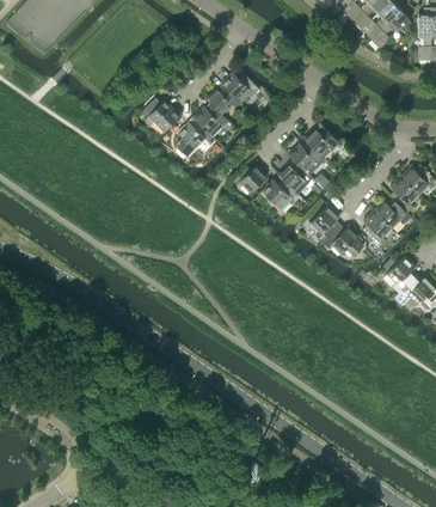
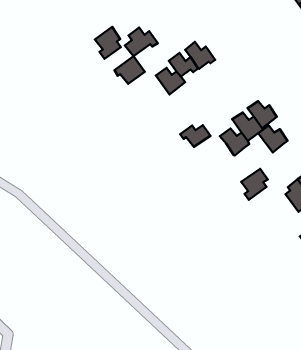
building: none -> [95,27,121,59]
building: [176,123,213,157] -> [125,28,158,56]
building: [262,181,296,210] -> [258,125,287,152]
building: [321,225,363,257] -> none

